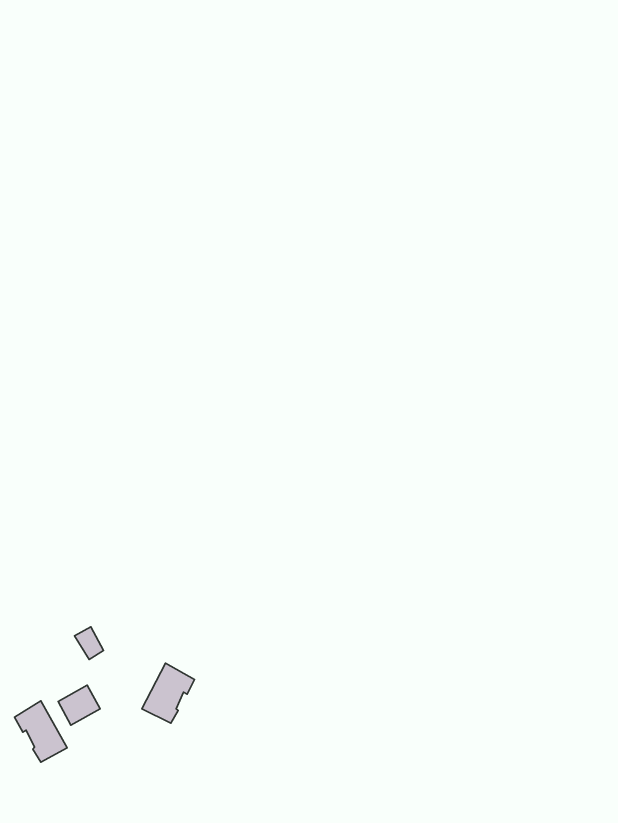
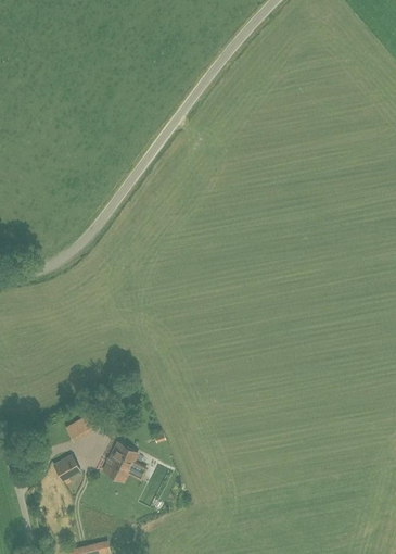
building: [15,701,67,762] -> none

